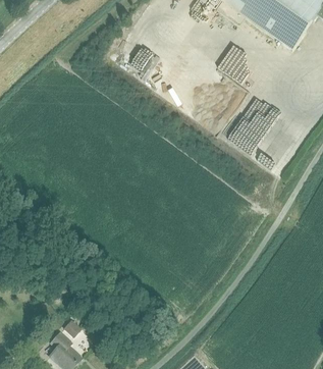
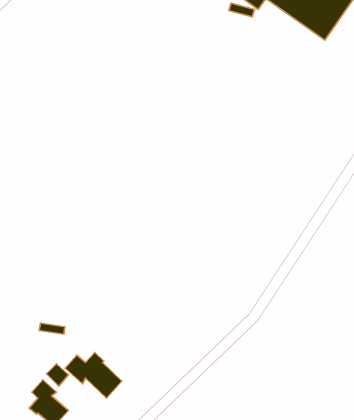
building: none -> [65,352,122,398]

